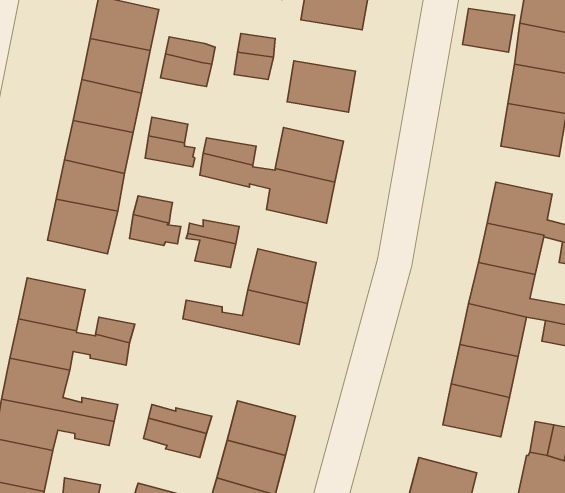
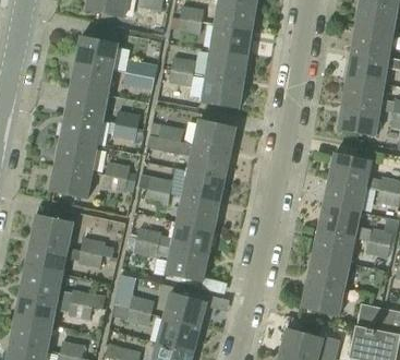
building: [463,9,515,52] -> none
building: none -> [206,48,250,81]
building: none -> [183,169,227,203]
building: none -> [124,238,209,280]

